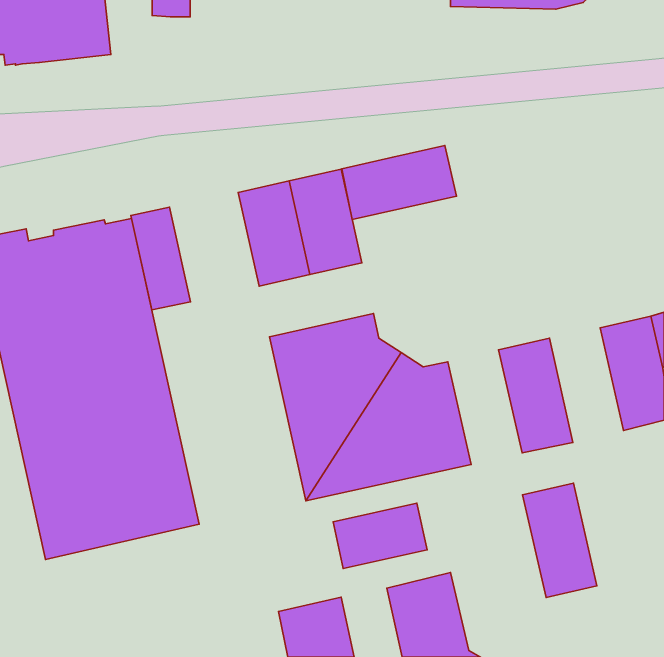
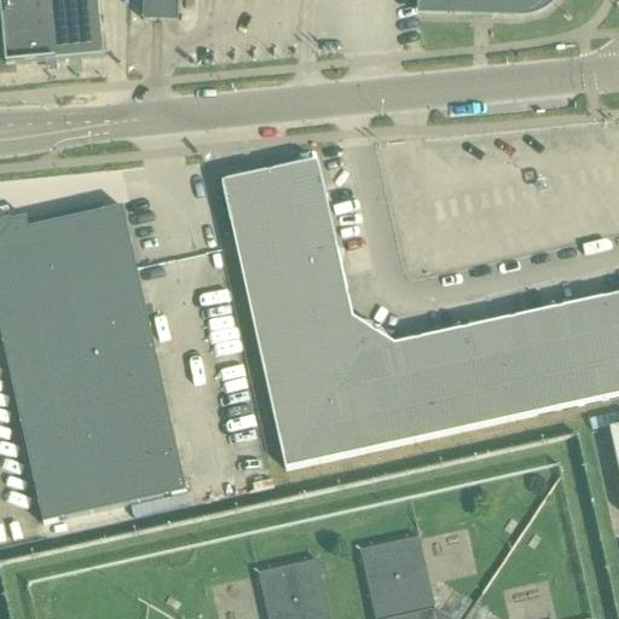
building: [342,145,456,219] -> [241,244,347,313]
building: [131,207,190,310] -> none
building: none -> [510,305,579,411]
building: [523,483,597,598] -> [416,325,485,432]
building: [333,503,427,569] -> none

